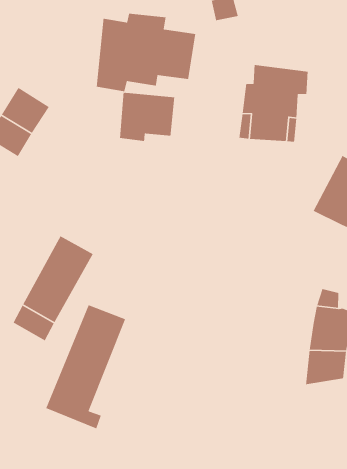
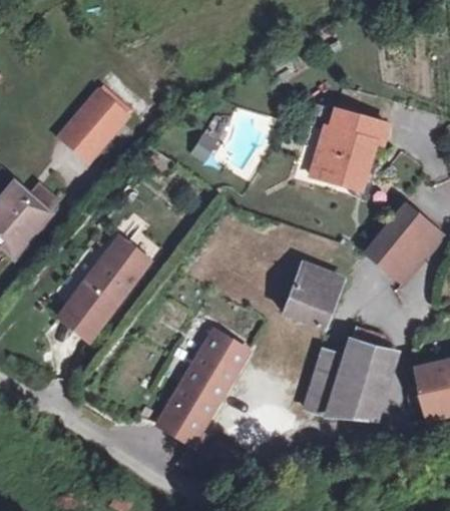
building: [96,13,196,92] -> none
building: none -> [280,264,342,328]
building: [45,304,126,430] -> [158,332,250,453]
building: none -> [308,356,348,419]

